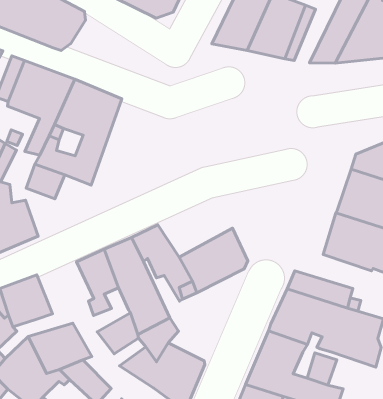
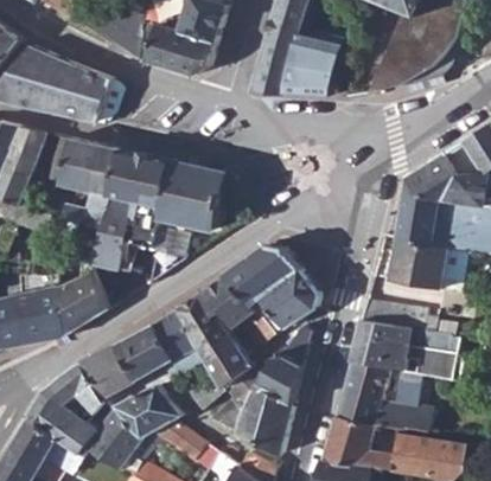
building: none -> [146,159,227,282]
building: none -> [224,245,298,304]
building: none -> [114,325,179,384]
building: none -> [253,323,308,402]

